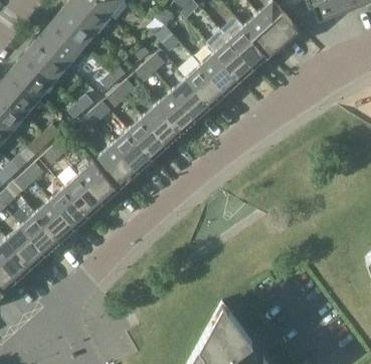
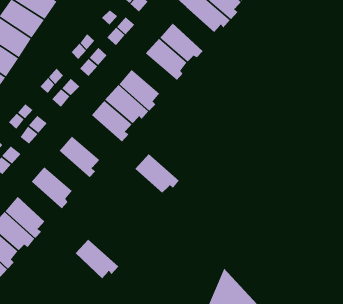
building: [200,51,238,95] -> none
building: [157,90,198,130] -> none
building: [99,143,140,182] -> [135,153,180,193]
building: [64,173,106,212] -> none
building: [36,199,76,238] -> [75,239,119,279]

